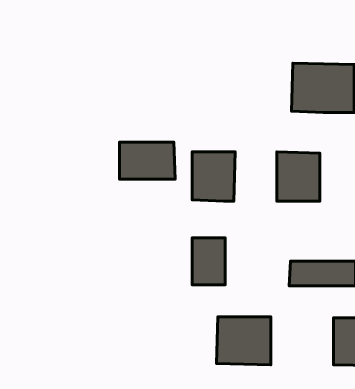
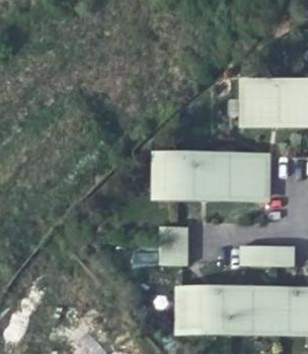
building: [120,142,175,179] -> none
building: none -> [196,156,231,196]
building: none -> [226,291,278,331]

